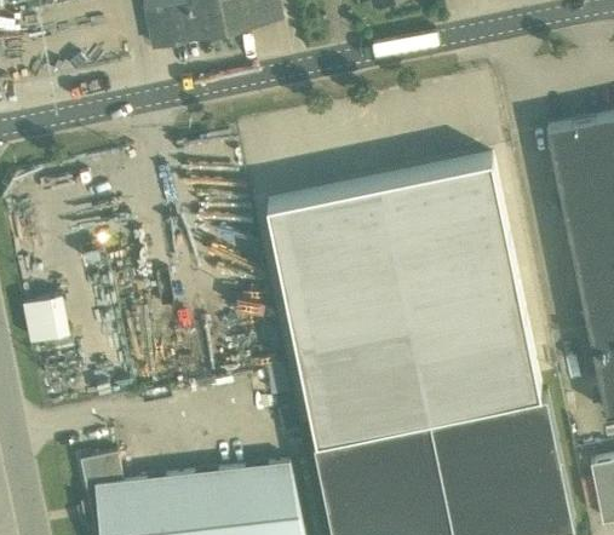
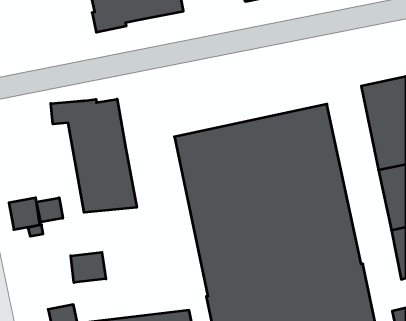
building: none -> [51,99,137,212]
building: none -> [36,198,63,222]
building: none -> [71,252,106,283]

